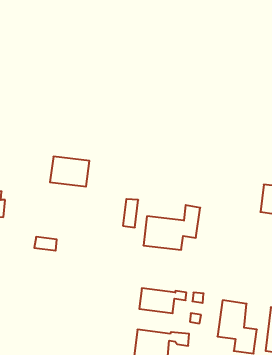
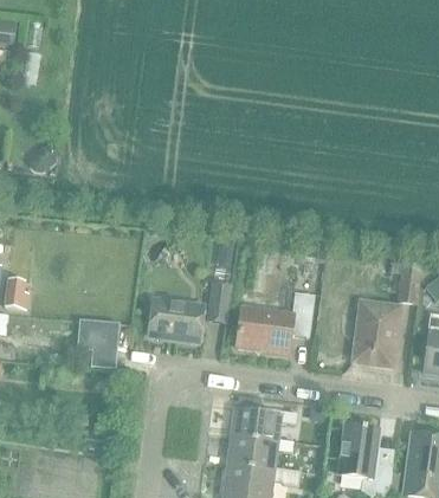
building: [50,157,89,187] -> [148,298,202,339]
building: none -> [351,299,399,366]
building: none -> [227,433,291,467]

